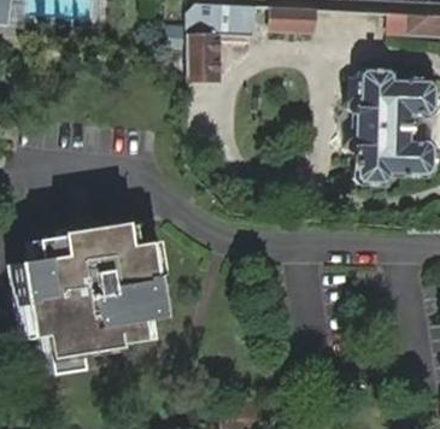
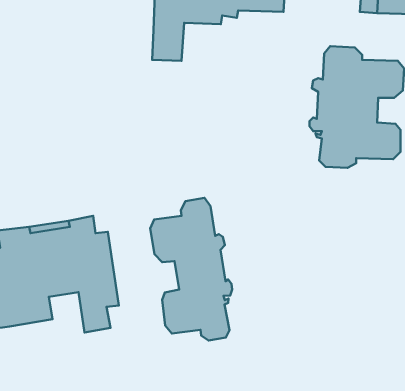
building: none -> [150,198,232,341]
building: [48,301,122,371] -> none

